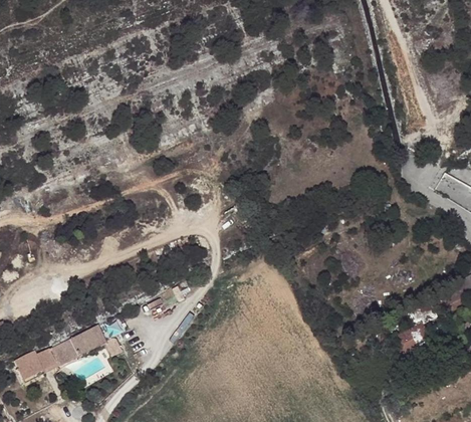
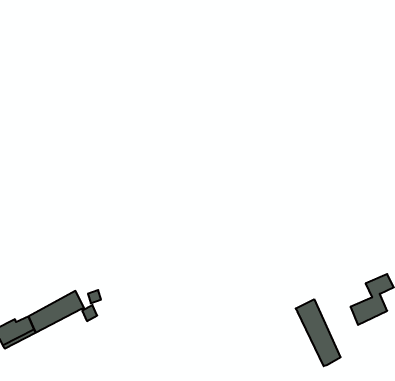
building: none -> [296,299,341,366]

